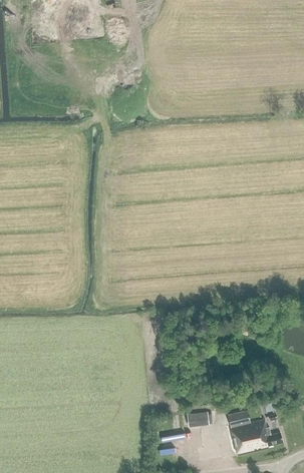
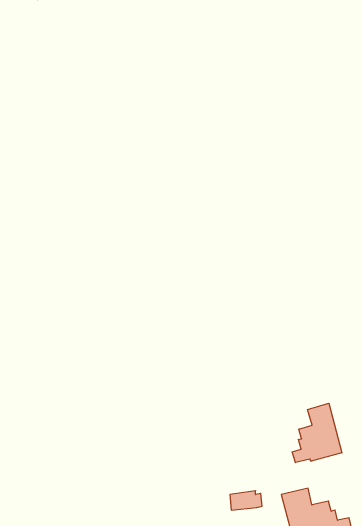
building: none -> [292,403,342,463]

